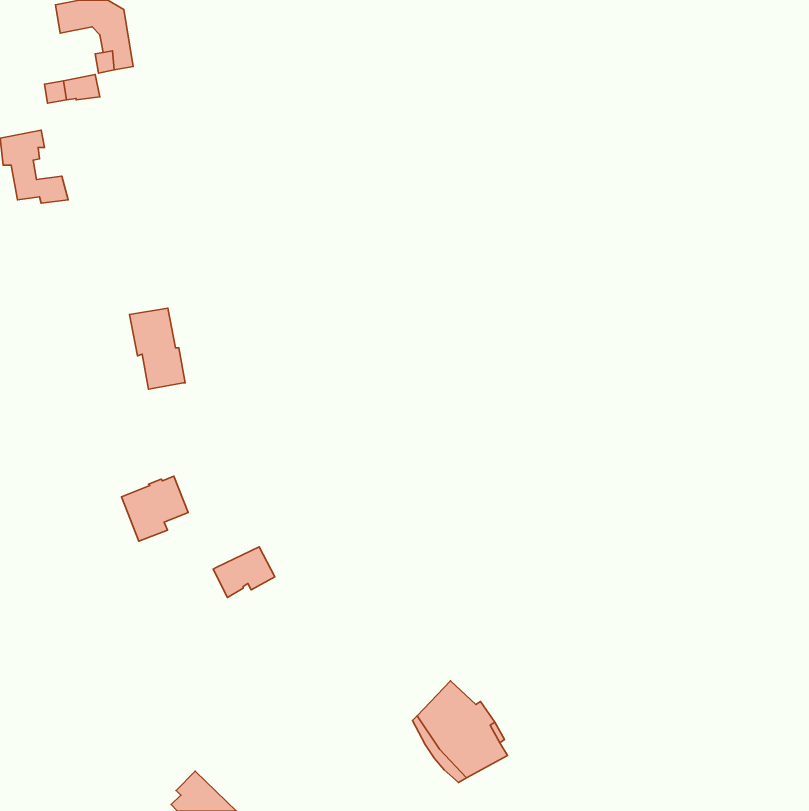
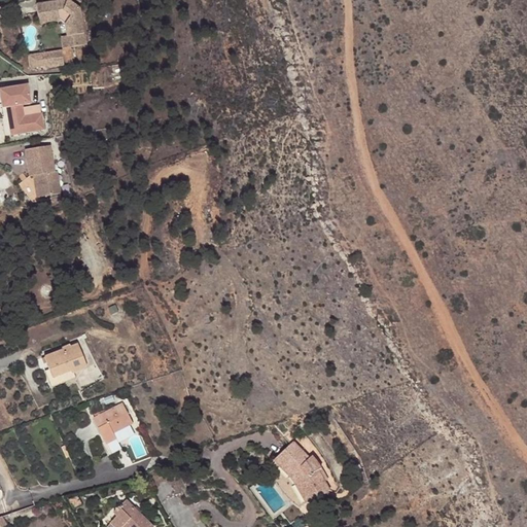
building: [130,308,185,389] -> [25,145,61,198]
building: [121,476,188,541] -> [42,343,85,385]
building: [213,547,275,598] -> [93,403,133,436]

